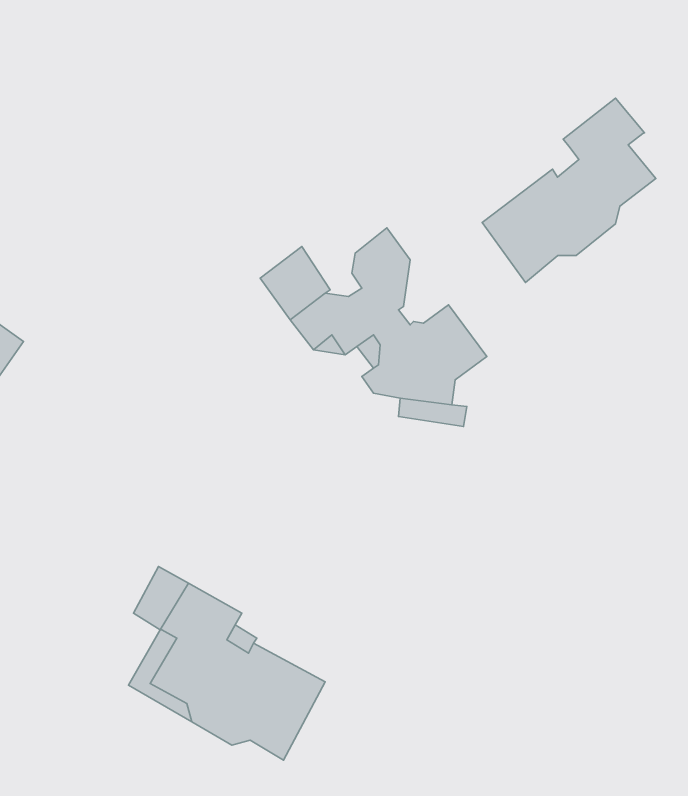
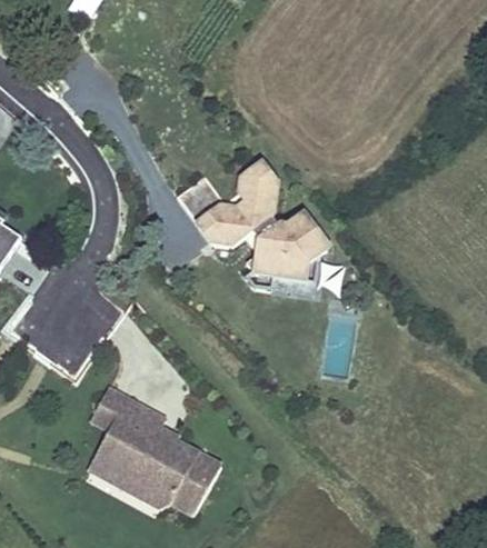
building: [482,98,656,282] -> none

